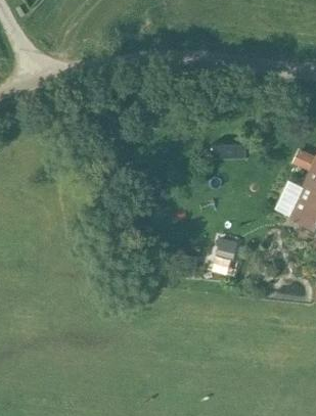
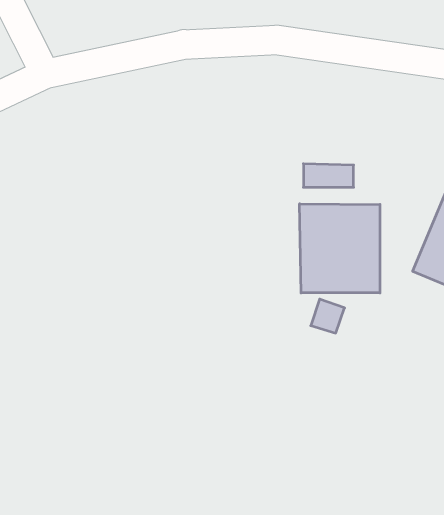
building: none -> [300,204,380,293]

